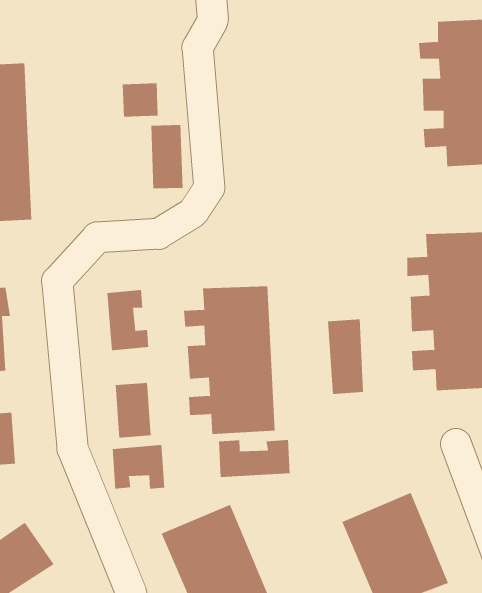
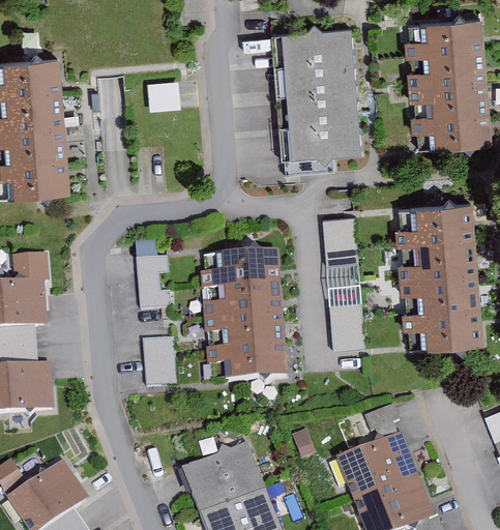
building: none -> [282,28,359,157]
building: [151,124,183,189] -> none
building: none -> [319,215,355,266]
building: [218,439,290,478] -> none
building: [112,444,165,490] -> none

